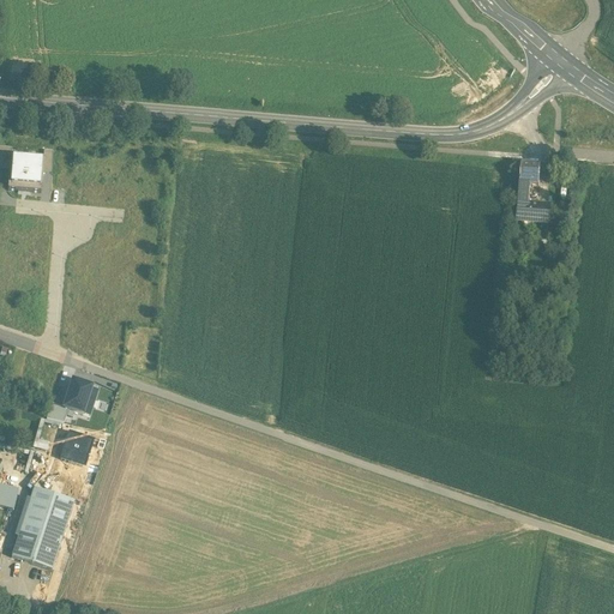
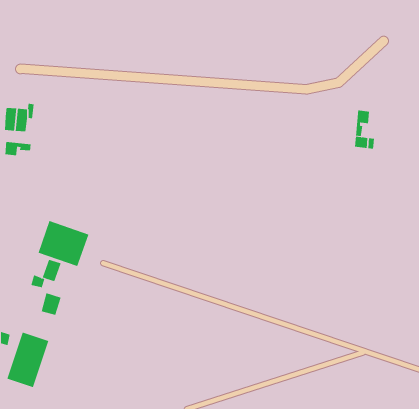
building: none -> [5,141,31,156]
building: none -> [38,220,89,267]

